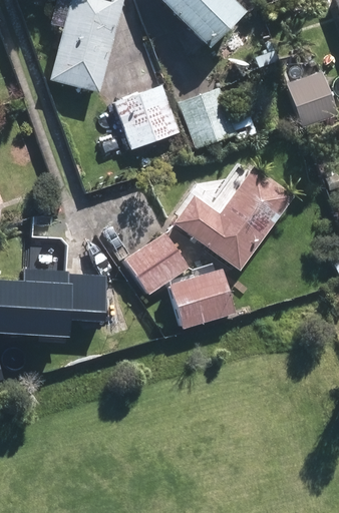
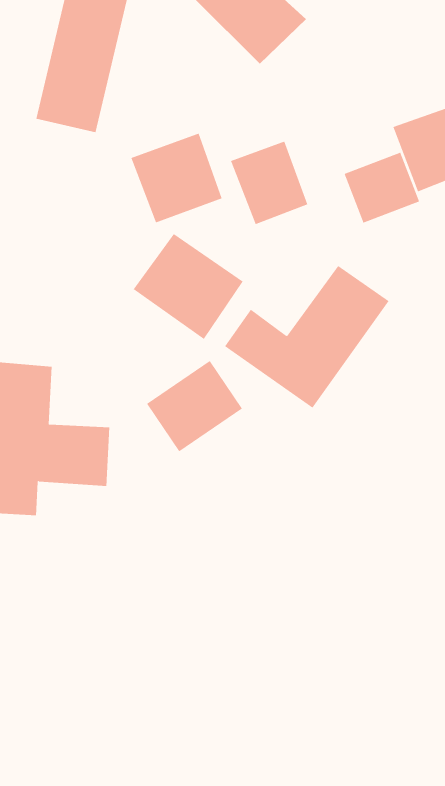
building: none -> [344,152,420,224]
building: none -> [133,233,244,340]
building: [174,276,237,328] -> none

